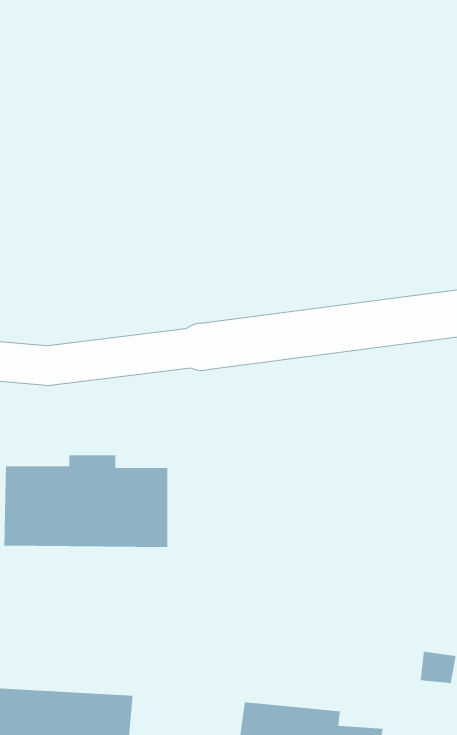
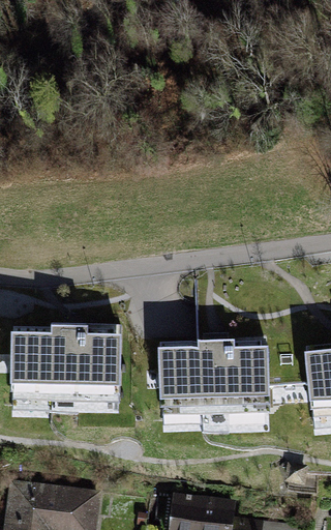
building: none -> [160,346,268,408]

